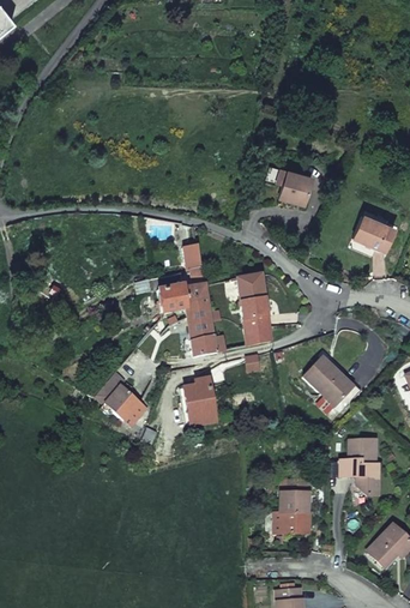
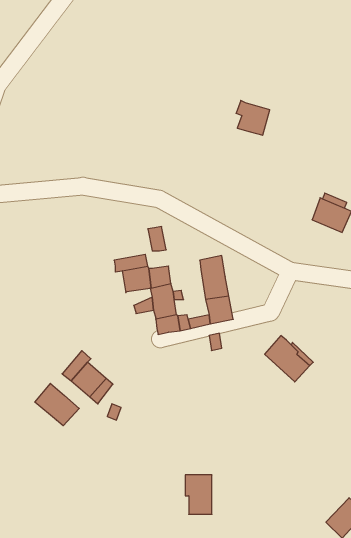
building: [277,168,312,204] -> [236,100,270,135]
building: [180,378,217,426] -> none
building: none -> [35,383,79,426]
building: [339,440,379,495] -> none
building: [279,493,307,534] -> [185,475,212,514]

